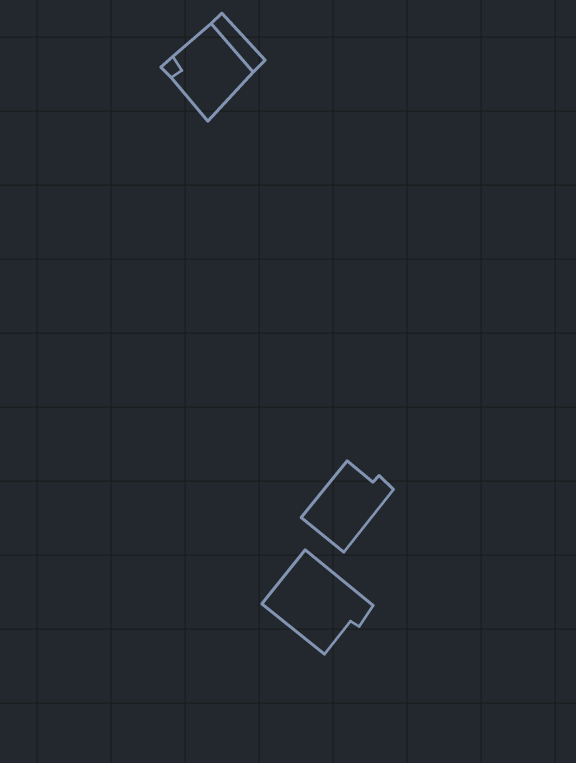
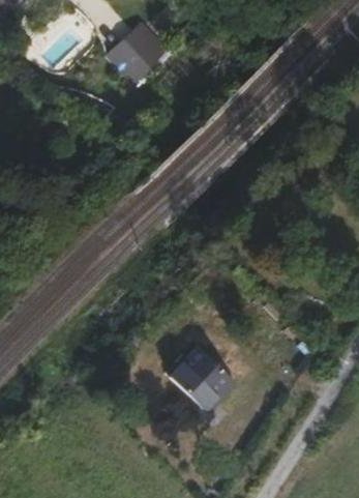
building: [301,461,393,552] -> none

